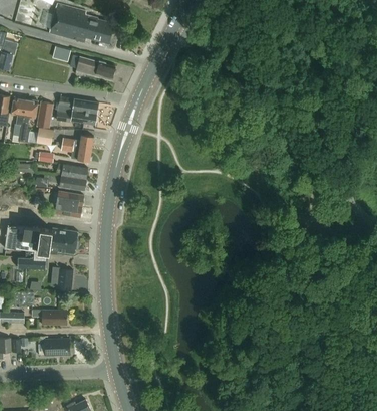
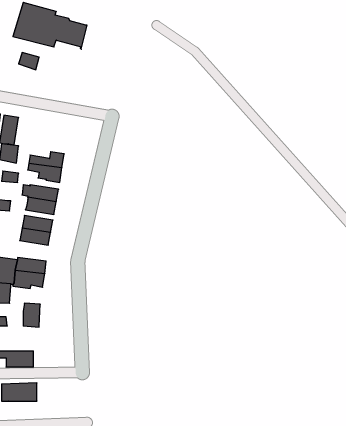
building: [69,55,114,78] -> none
building: [56,96,98,125] -> none

